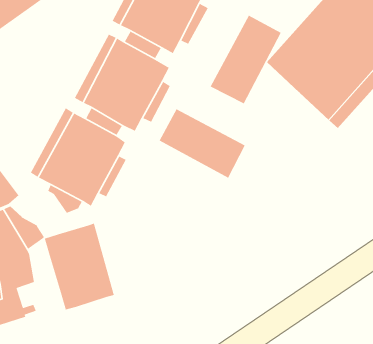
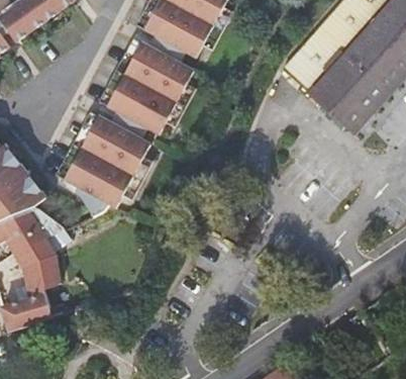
building: [210,15,282,104] -> none
building: [158,108,246,179] -> none
building: [44,222,115,311] -> none

